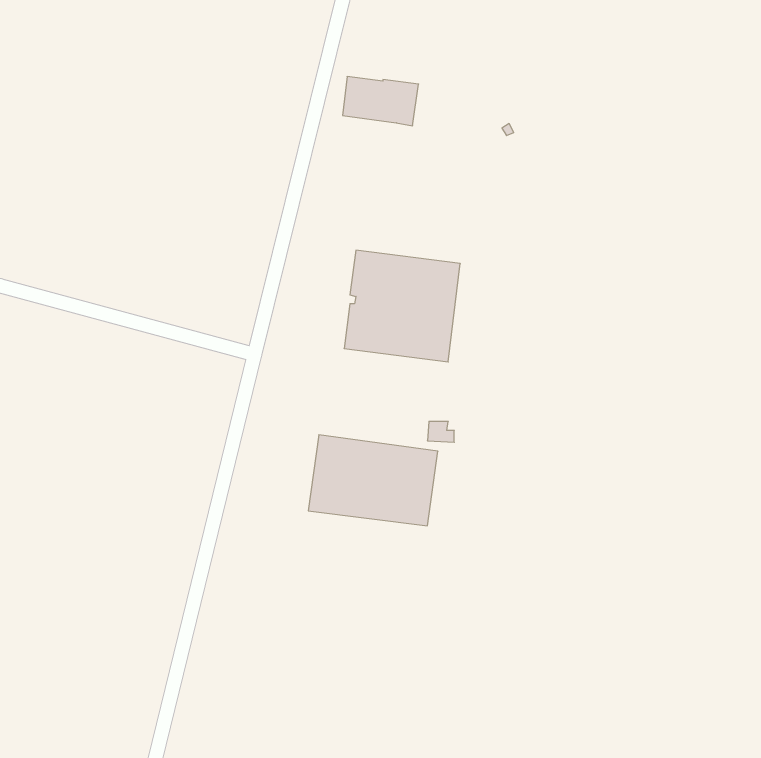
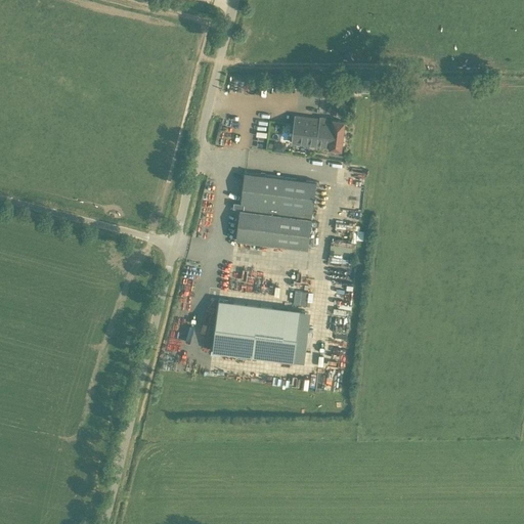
building: [343,77,419,126] -> [293,118,345,151]

